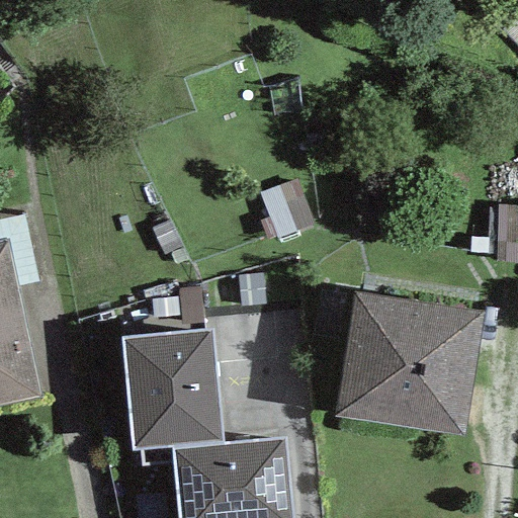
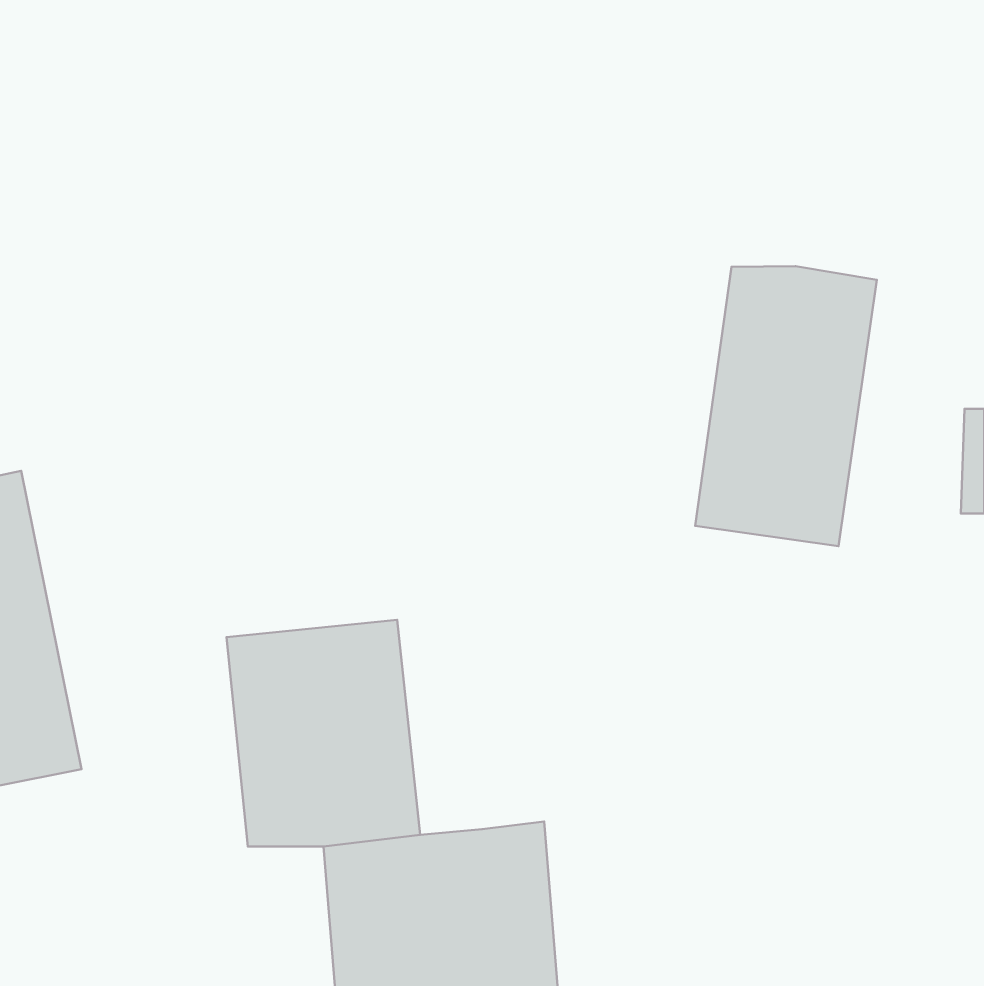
building: none -> [695,266,877,546]
building: [348,298,488,431] -> none

